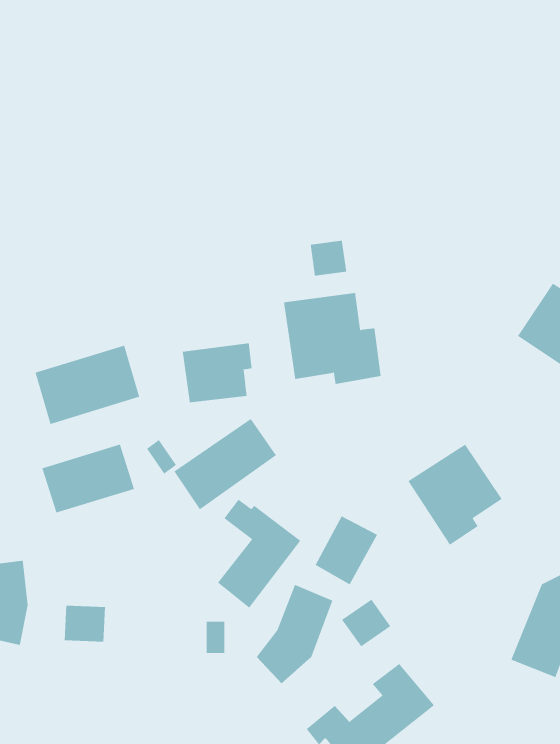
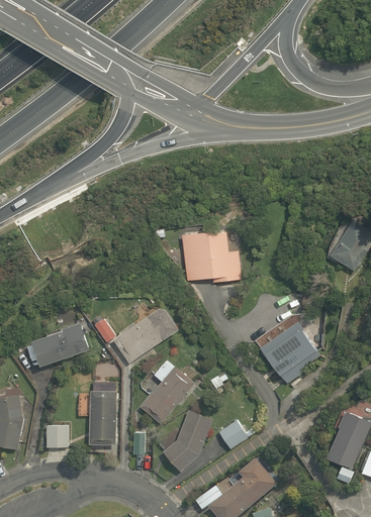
building: [310,240,347,276] -> none
building: [182,342,252,403] -> none
building: [35,345,140,425] -> none
building: [315,515,378,585] -> none
building: none -> [79,389,116,445]

